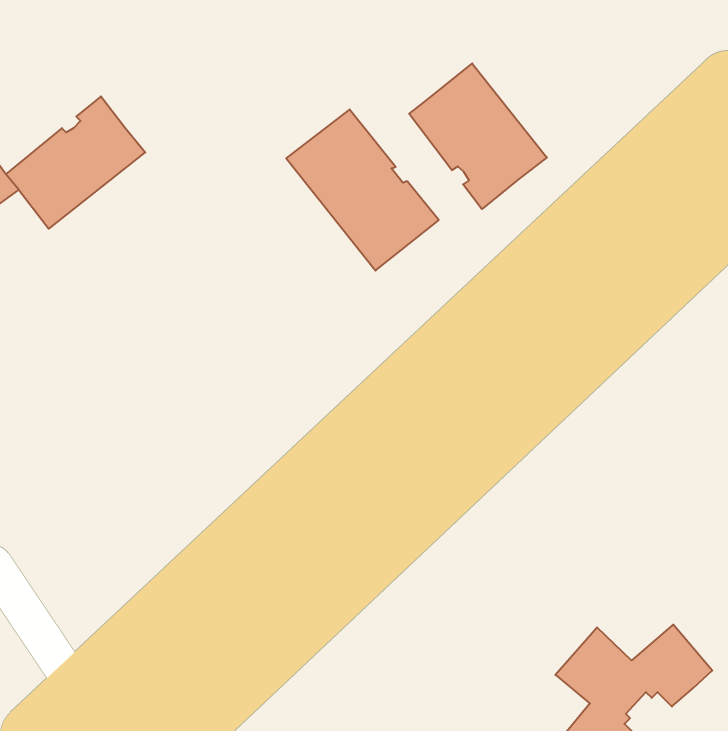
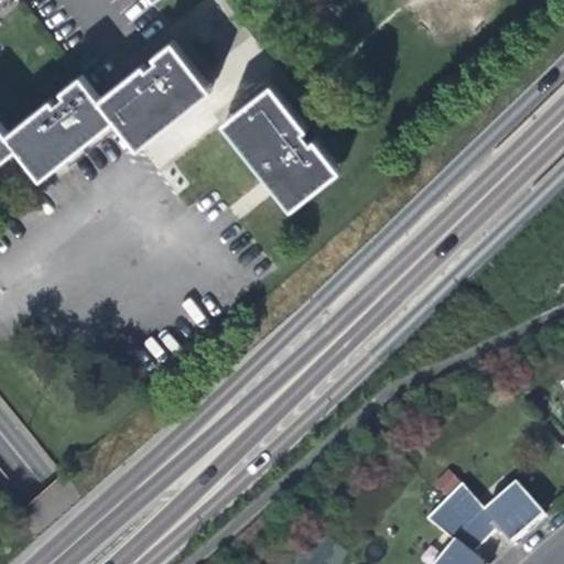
building: none -> [96,43,208,151]
building: [409,63,547,209] -> none

